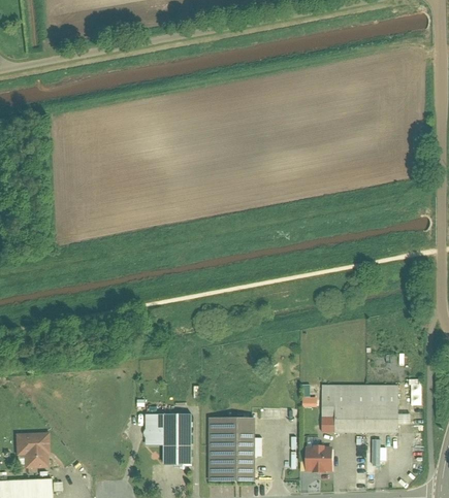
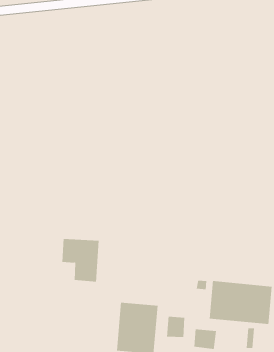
building: [143,413,191,466] -> [62,238,99,282]
building: none -> [167,316,185,338]

